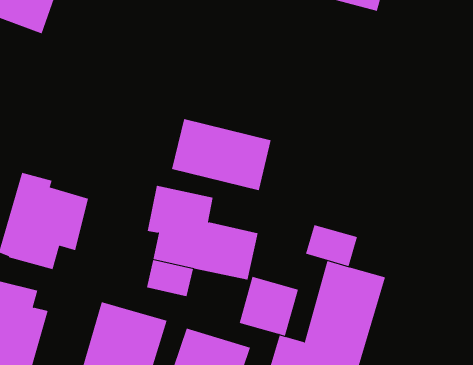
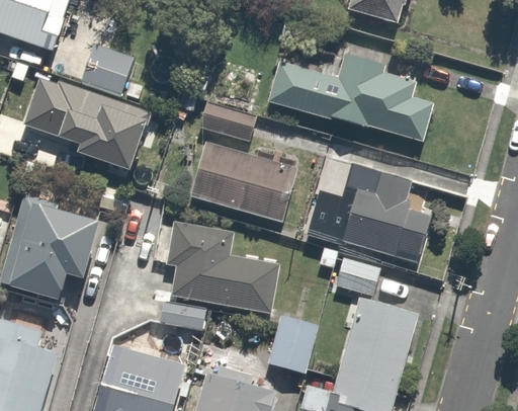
building: none -> [80,44,137,94]
building: none -> [264,48,434,143]
building: none -> [24,81,154,175]
building: none -> [195,102,253,145]
building: none -> [311,154,431,262]

